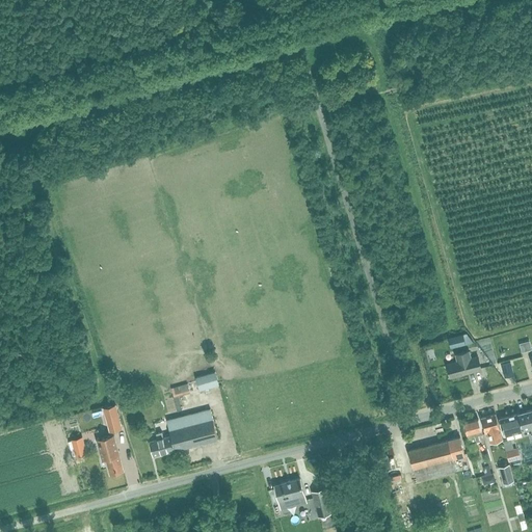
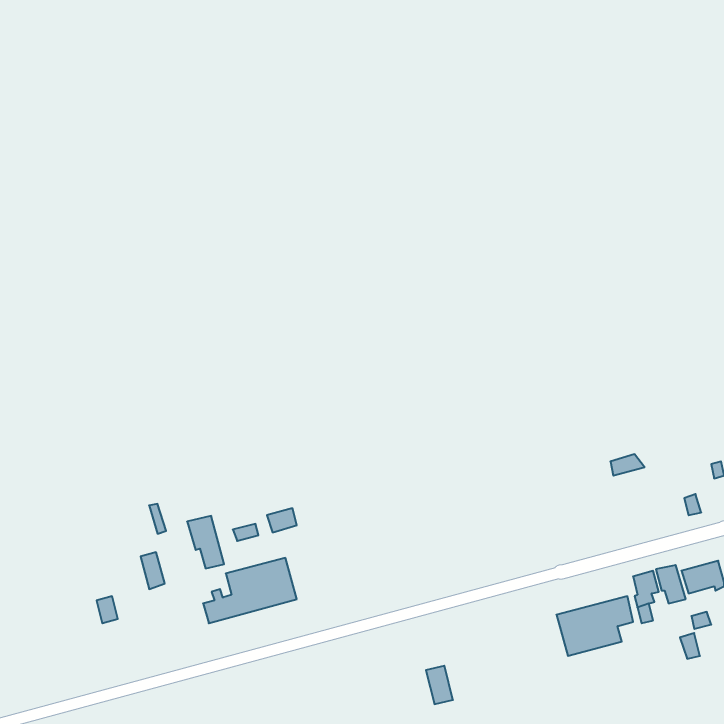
building: [446,351,480,378] -> none
building: [96,435,123,474] -> [187,516,224,568]
building: [273,479,303,509] -> none

